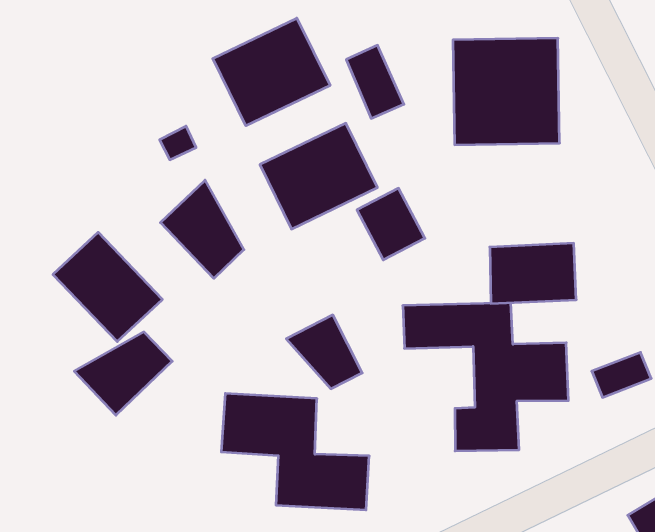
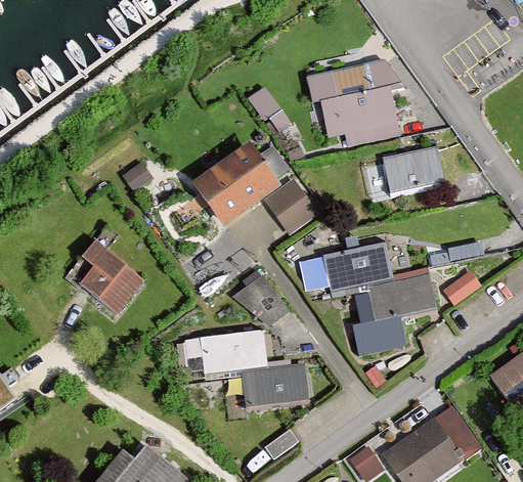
building: [213,18,330,126] -> none
building: [160,180,244,278] -> none
building: [490,243,576,303] -> [377,147,441,198]
building: [74,332,172,415] -> none

